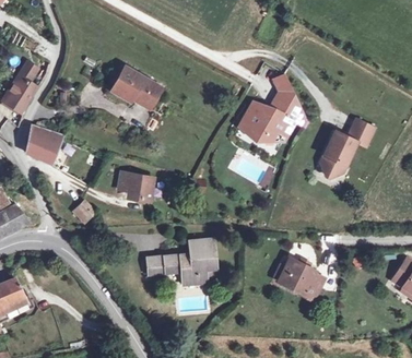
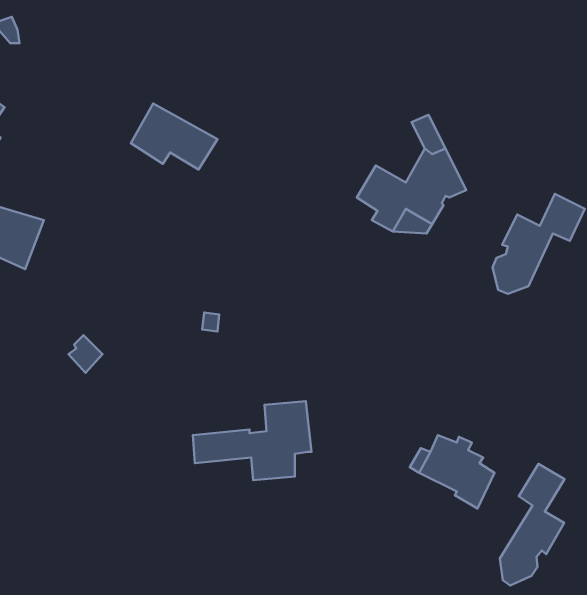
building: [117,172,152,201] -> none
building: none -> [500,464,565,586]

